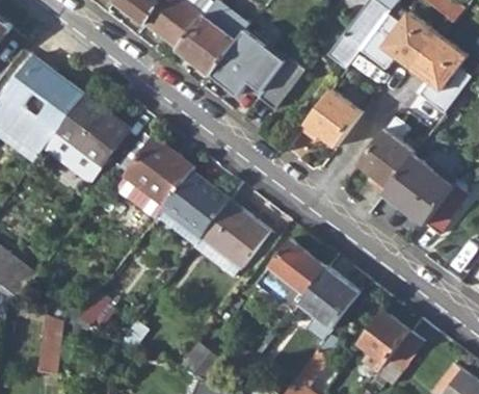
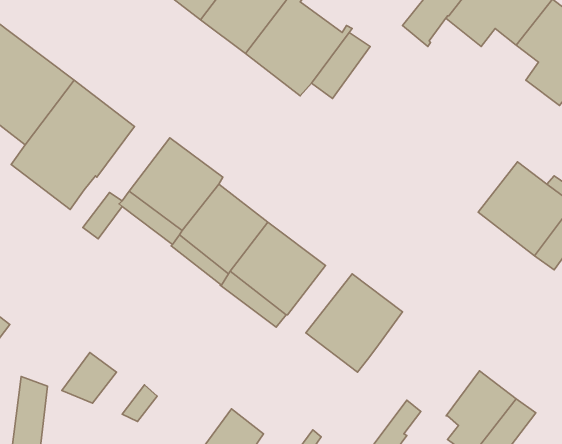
building: [299,89,361,148] -> none
building: [356,129,414,192] -> none
building: [300,266,361,327] -> none

